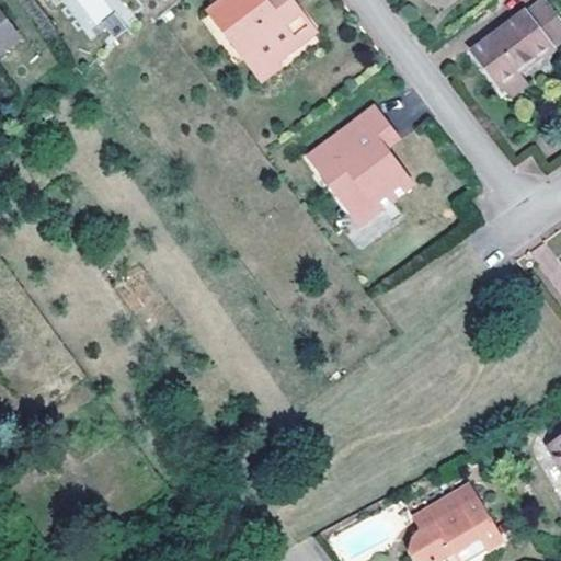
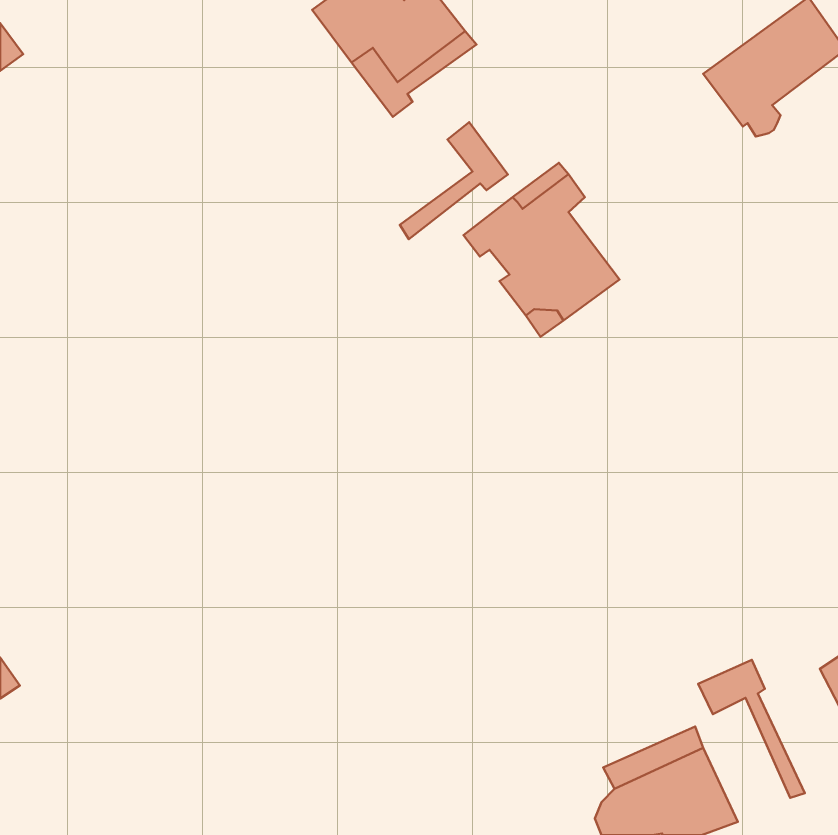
building: none -> [400,122,508,239]
building: none -> [698,660,805,798]

